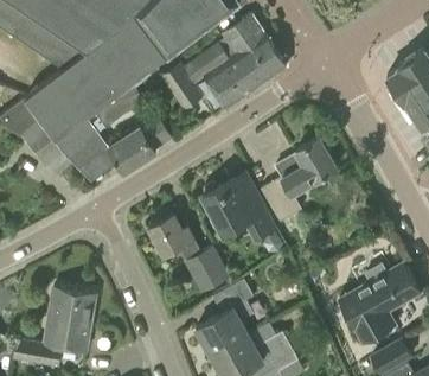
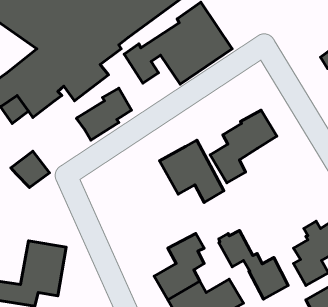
building: [57,127,101,168] -> [11,151,49,187]
building: [149,214,229,292] -> [219,231,288,299]

